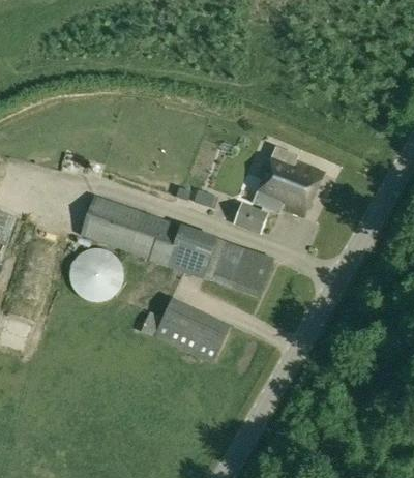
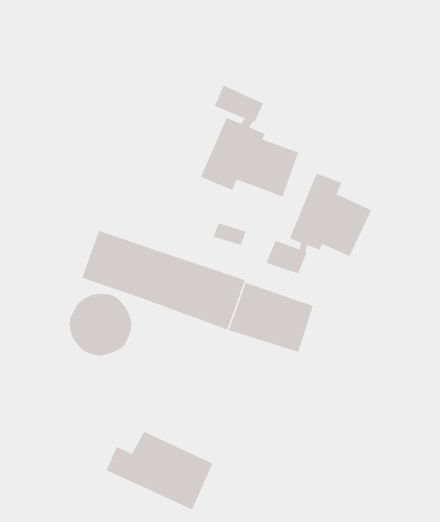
building: none -> [200,85,299,197]
building: [140,298,230,364] -> [105,431,214,510]

